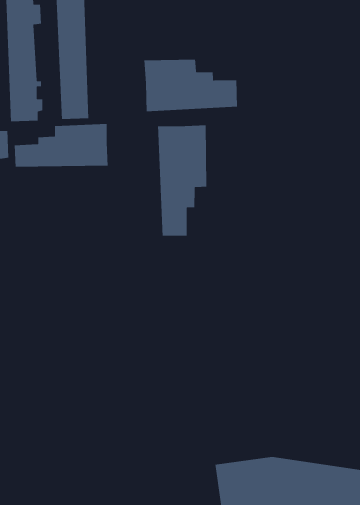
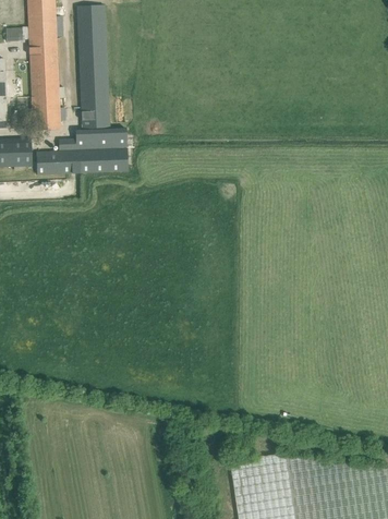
building: [144,59,238,112] -> none
building: [157,124,207,236] -> none

